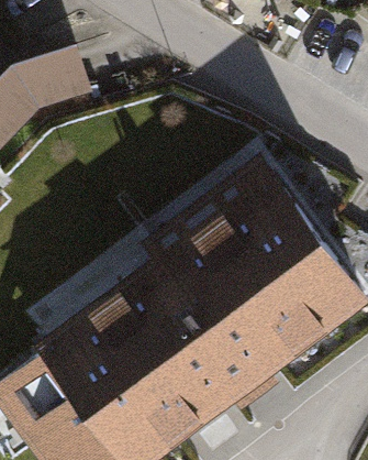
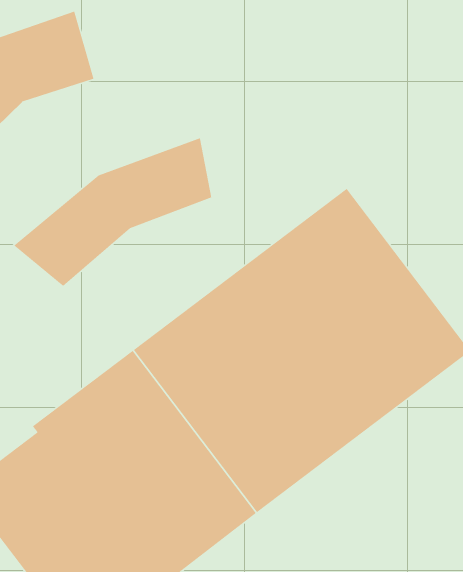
building: none -> [13,137,212,287]

